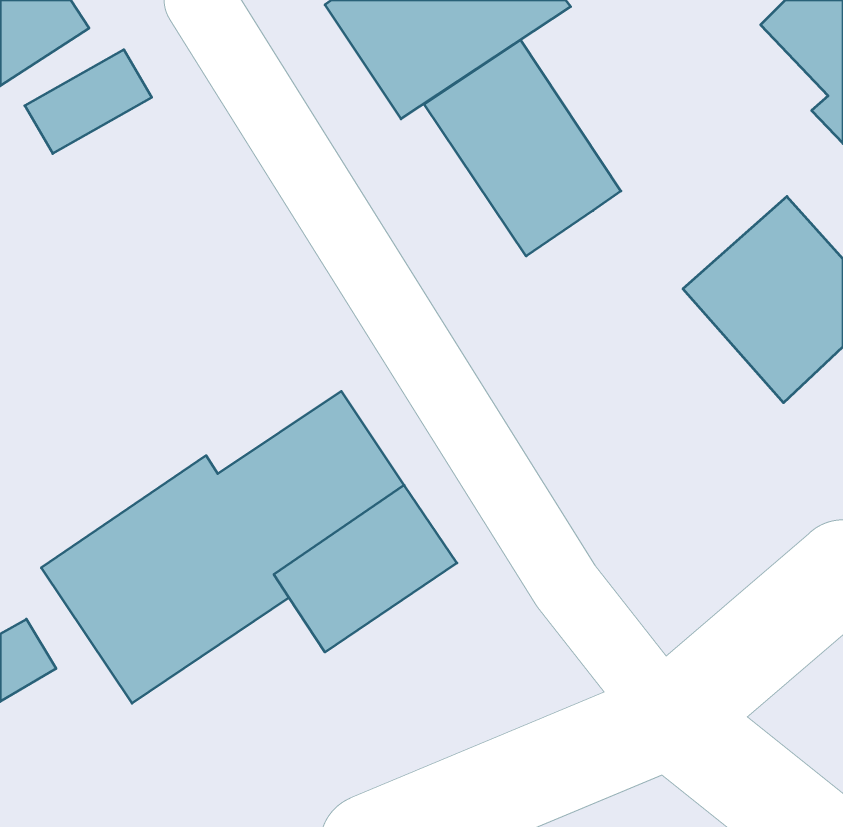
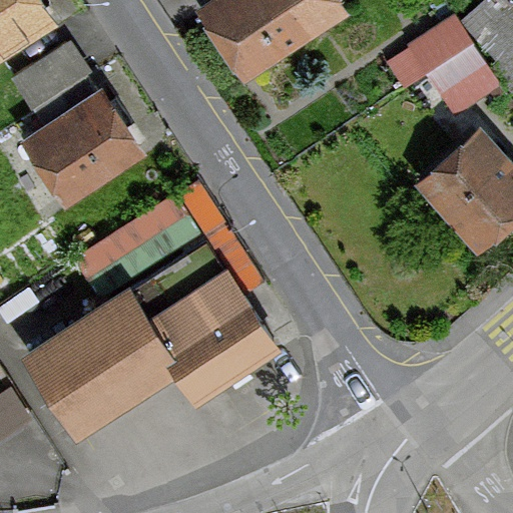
building: none -> [387,20,498,121]
building: [424,40,621,256] -> none
building: none -> [20,89,143,208]

